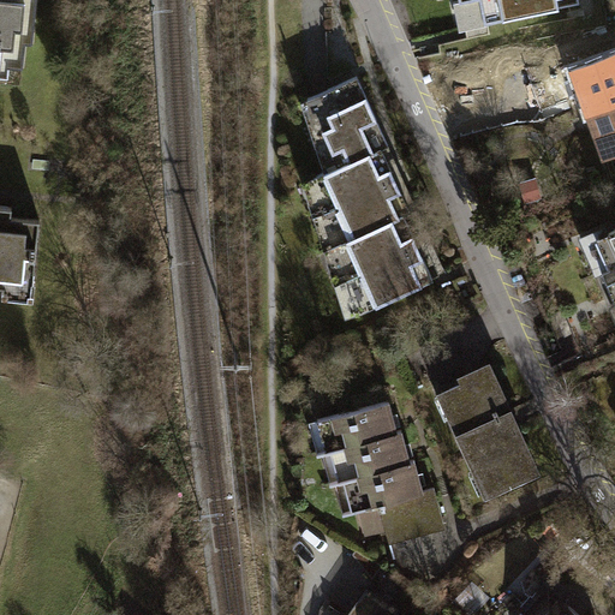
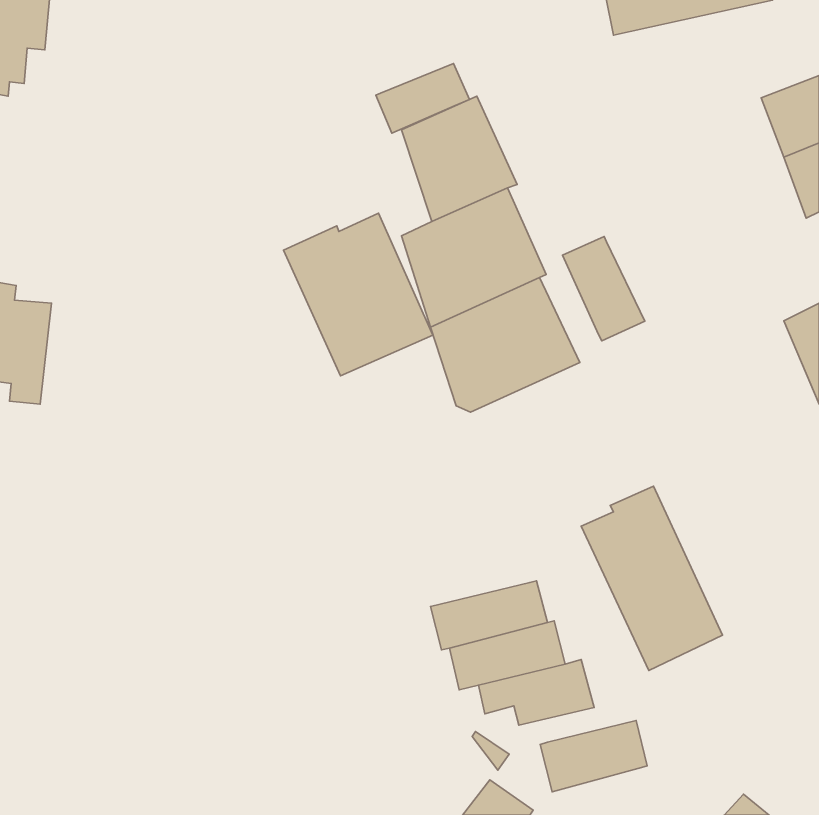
building: none -> [376,64,470,133]
building: none -> [284,213,433,376]
building: none -> [563,237,645,341]
building: [309,404,396,455] -> none
building: none -> [540,720,647,792]

